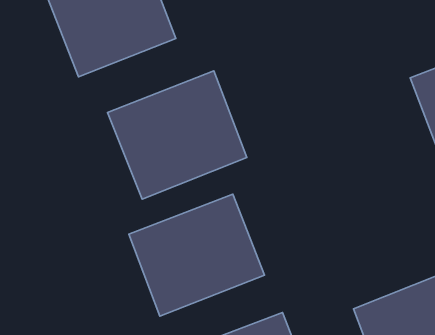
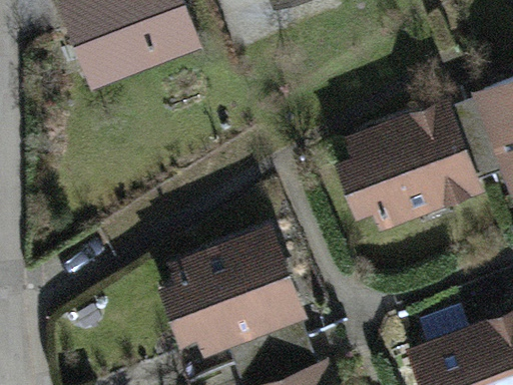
building: [108,71,247,199] -> none
building: none -> [329,99,483,236]

